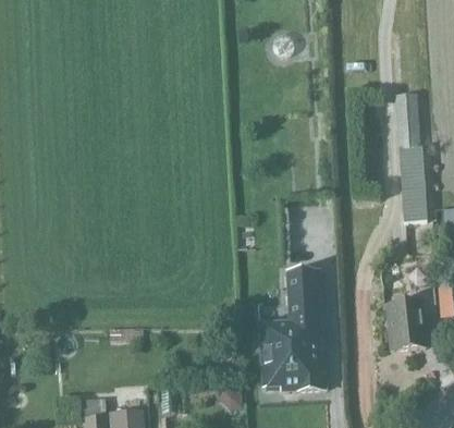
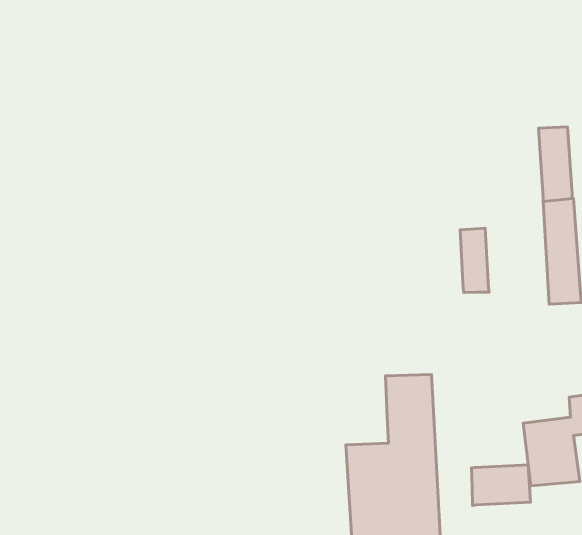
building: none -> [460,228,489,292]
building: none -> [472,465,531,505]

